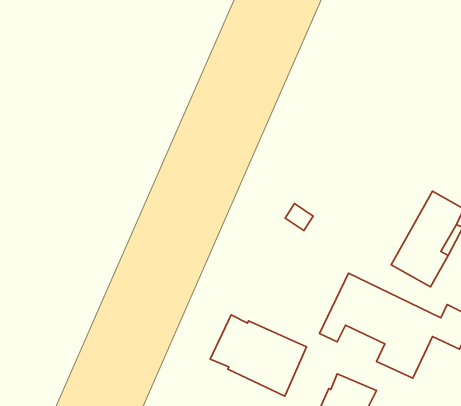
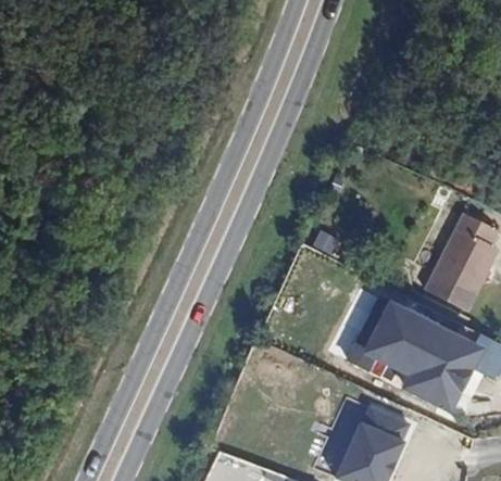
building: [210,315,307,396] -> none

